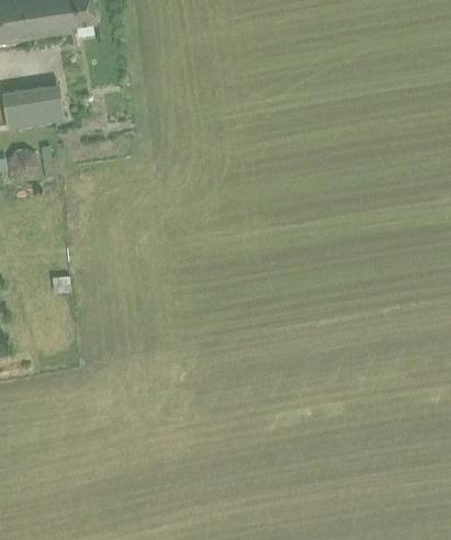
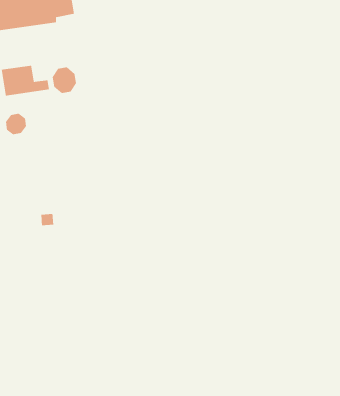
building: none -> [52,67,77,94]

